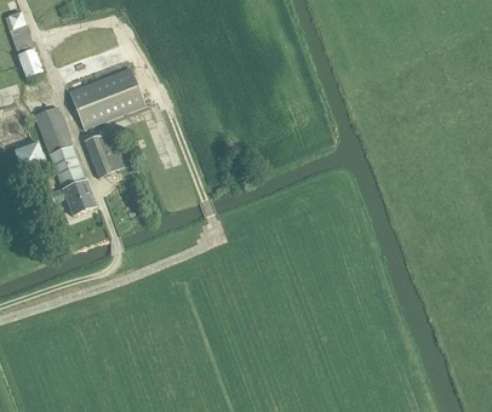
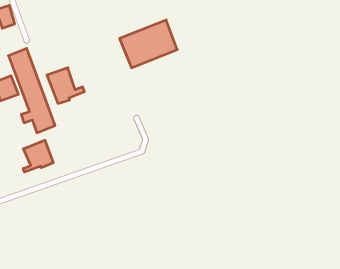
building: [68,67,144,130] -> [120,20,177,68]
building: none -> [23,140,53,172]

